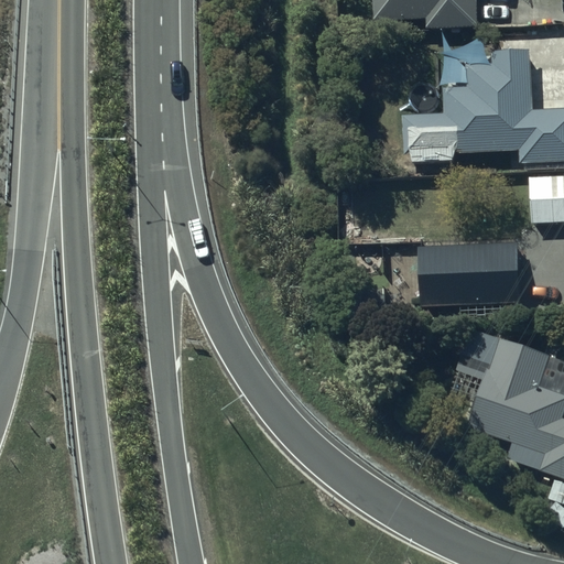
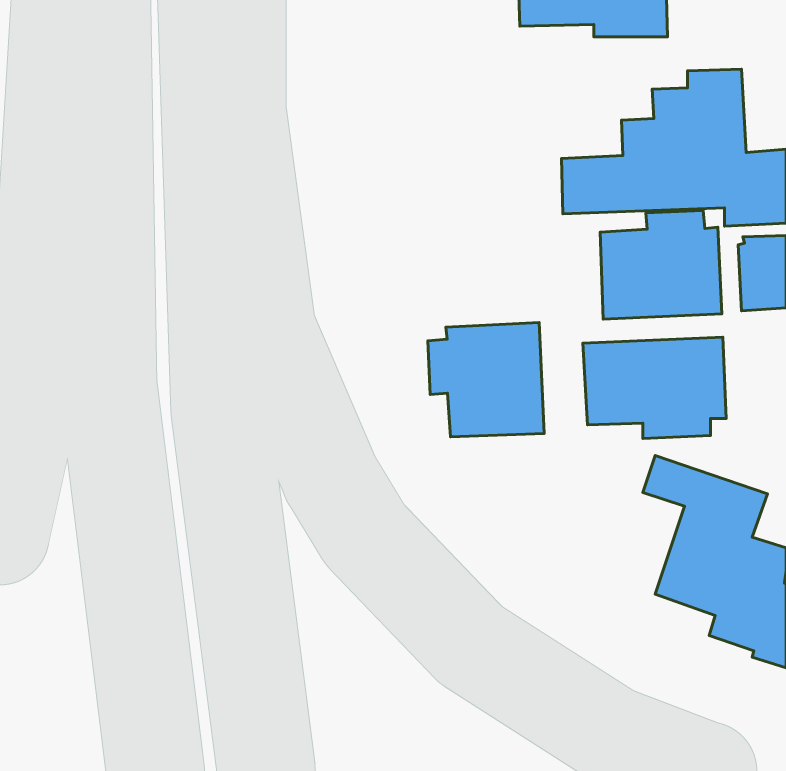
building: none -> [600,210,722,319]
building: none -> [428,323,544,437]

